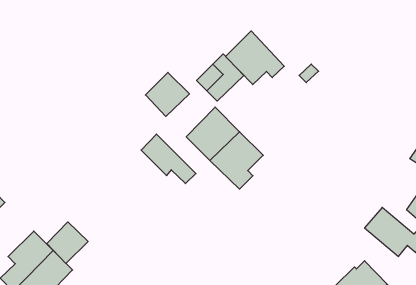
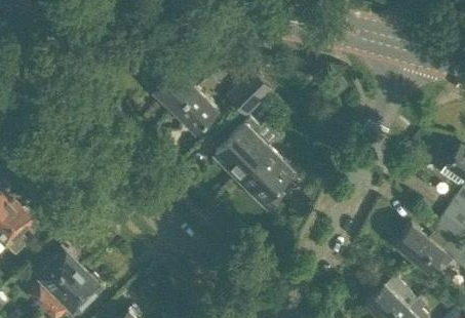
building: [226,31,284,85] -> none
building: none -> [147,69,198,113]
building: [141,134,196,184] -> none
building: [47,222,88,263] -> none

